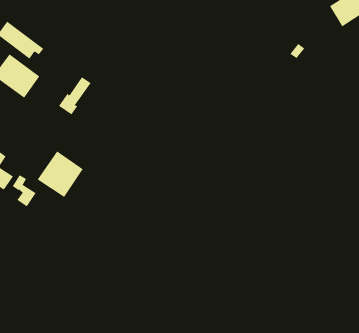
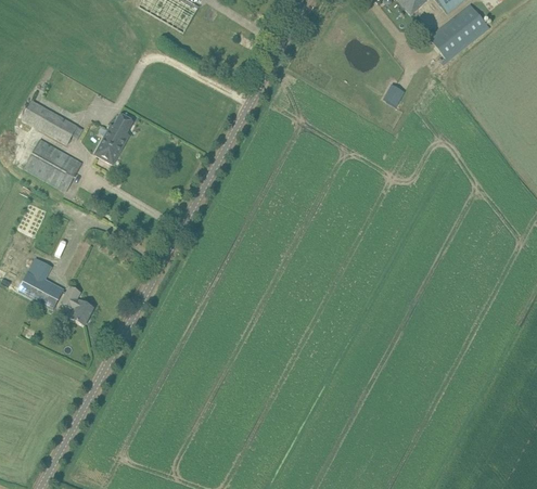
building: [58,77,91,115] -> [94,113,132,162]
building: [37,151,83,198] -> none

